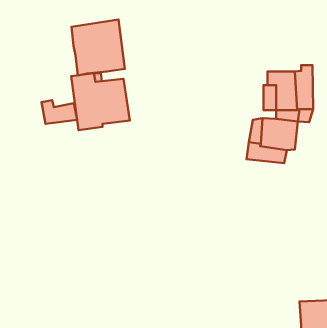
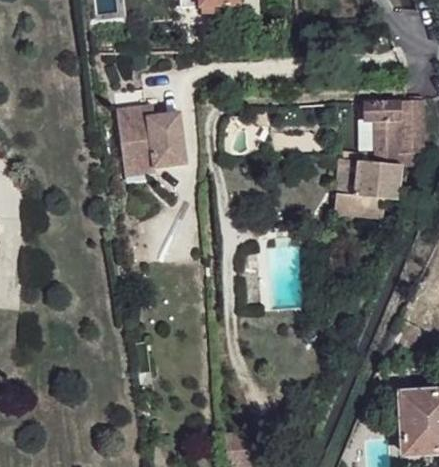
building: [71,19,125,75] -> none
building: [41,100,77,124] -> none

